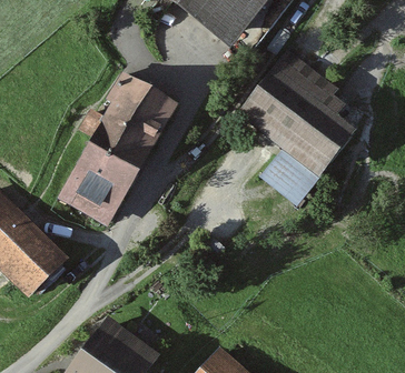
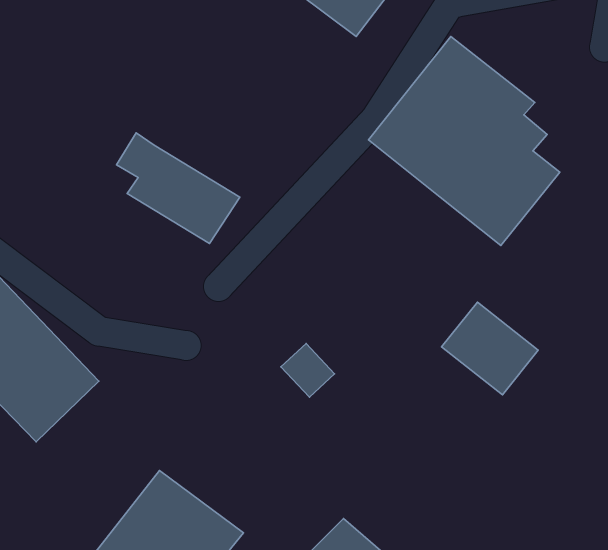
building: [105,69,184,148] -> none
building: [58,145,139,226] -> none
building: [260,148,320,205] -> [442,302,538,395]

